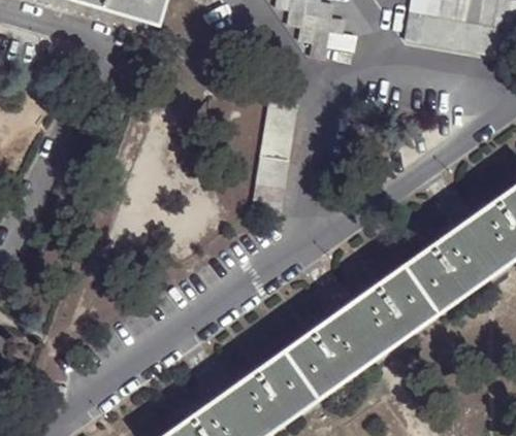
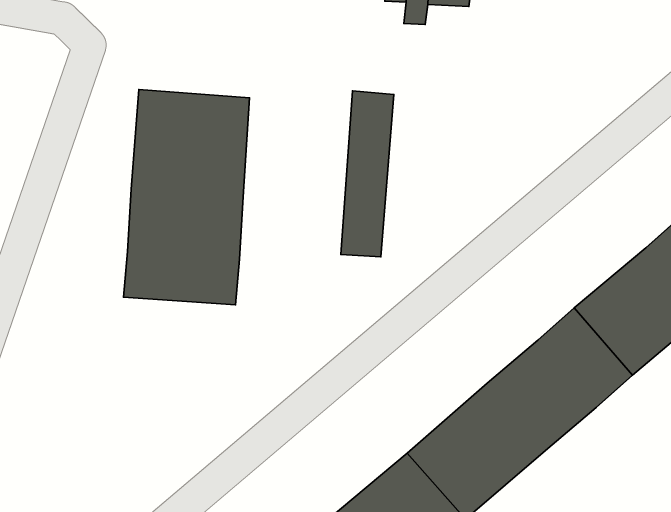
building: none -> [123,89,249,305]

